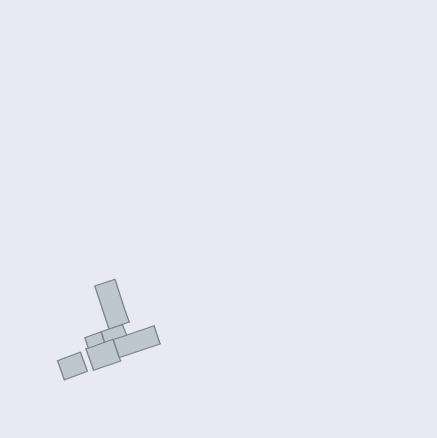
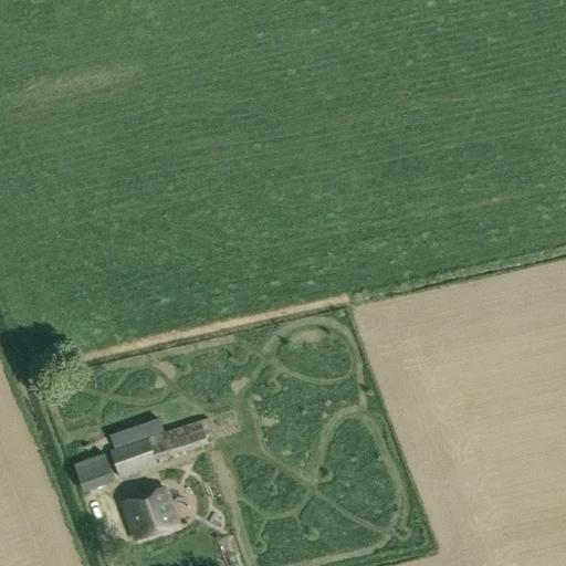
building: [95,279,129,329] -> none
building: none -> [122,485,177,539]

